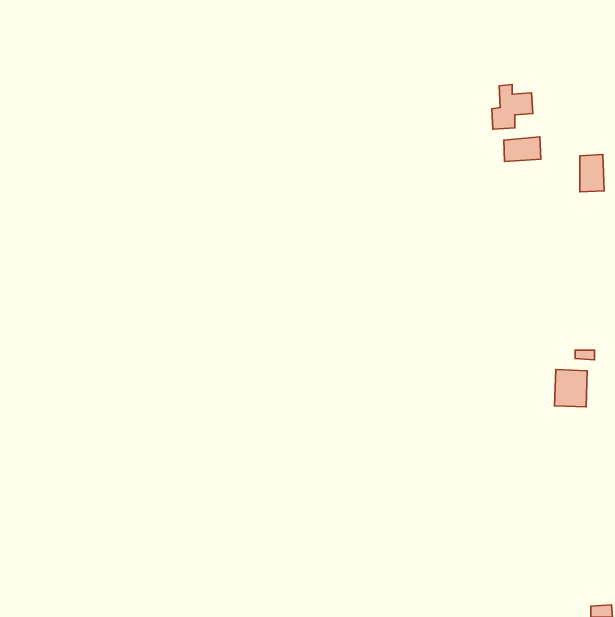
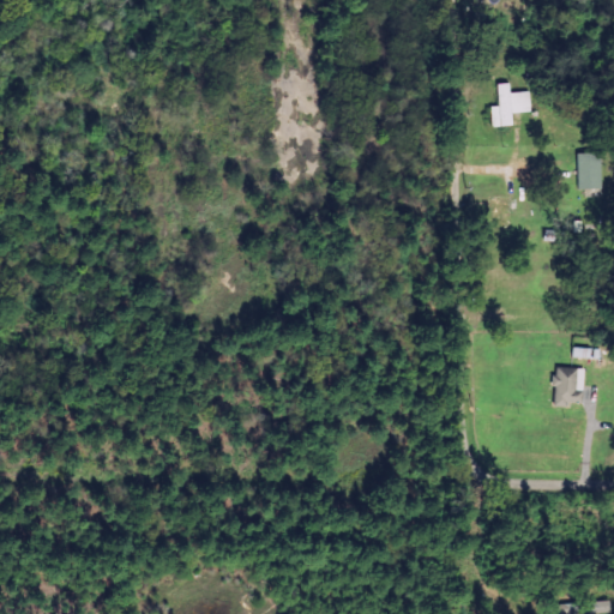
building: [504,137,541,161] -> none

